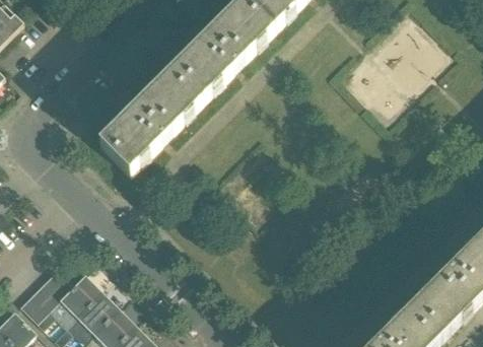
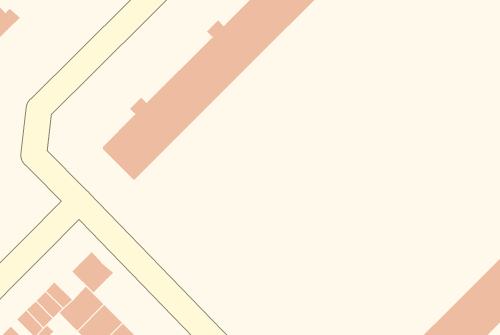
building: none -> [71,251,114,293]

